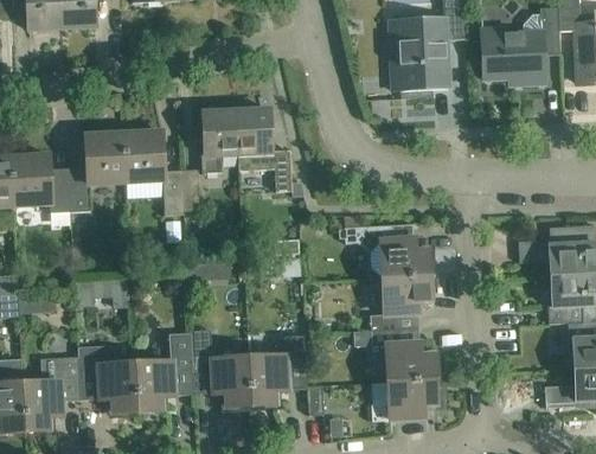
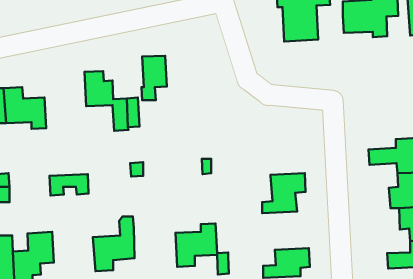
building: [235,109,291,191] -> none
building: [66,134,124,212] -> none
building: [344,224,429,277] -> none
building: [370,328,435,382] -> none
building: [190,330,251,407] -> none
building: [76,343,137,413] -> none

